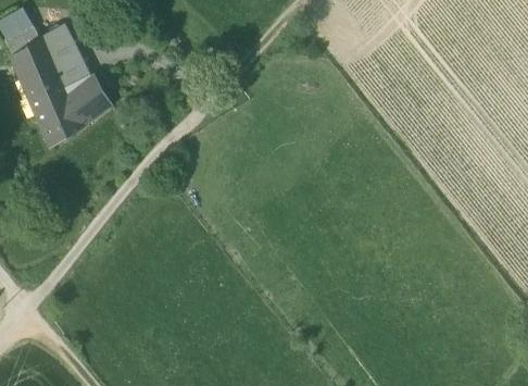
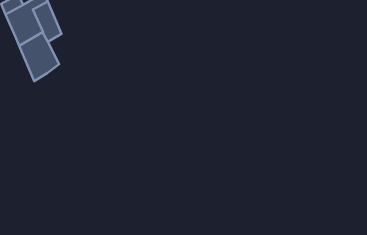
building: [68,76,109,121] -> none

